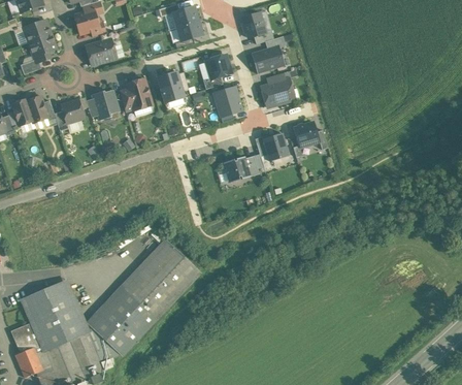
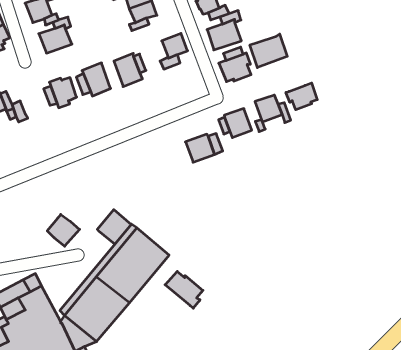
building: none -> [250,34,287,68]
building: [212,87,241,117] -> none
building: [60,98,84,124] -> none
building: none -> [286,83,317,110]
building: none -> [97,210,131,244]
building: none -> [47,214,80,246]
building: none -> [165,271,203,308]

